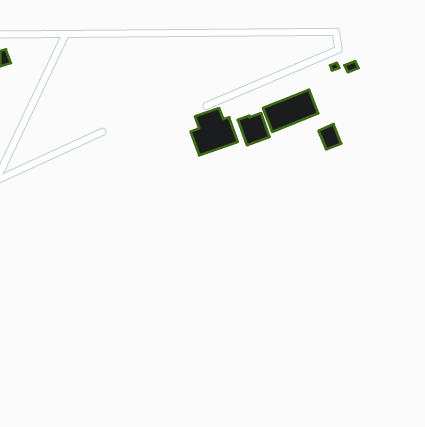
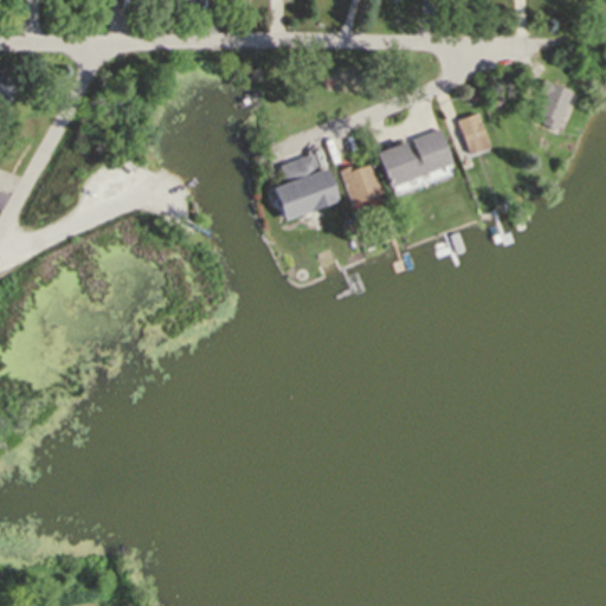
building: none -> [534,80,574,134]
building: [319,124,341,149] -> [458,112,490,148]

